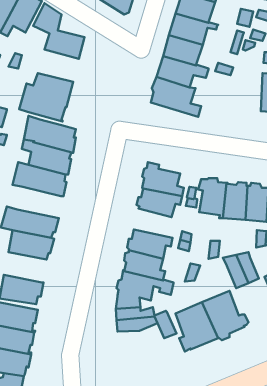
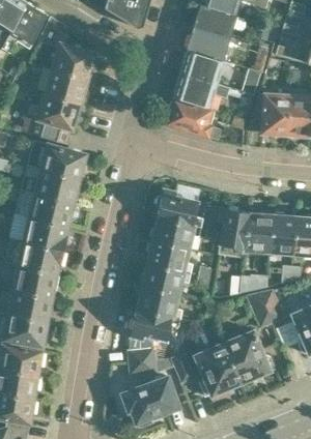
building: none -> [43,66,87,101]
building: none -> [246,91,288,136]
building: none -> [20,216,68,251]
building: none -> [147,240,192,272]
building: none -> [5,288,55,321]
building: none -> [120,377,177,429]

